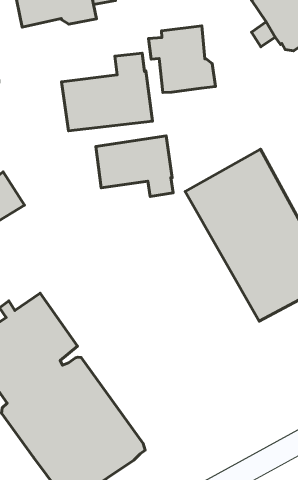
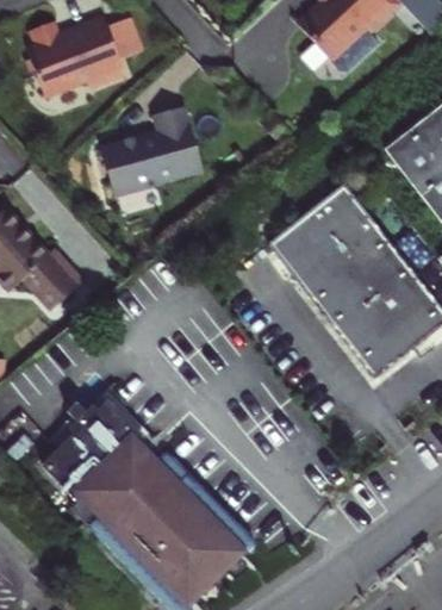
building: [149,26,215,92] -> none
building: [96,136,173,197] -> none

